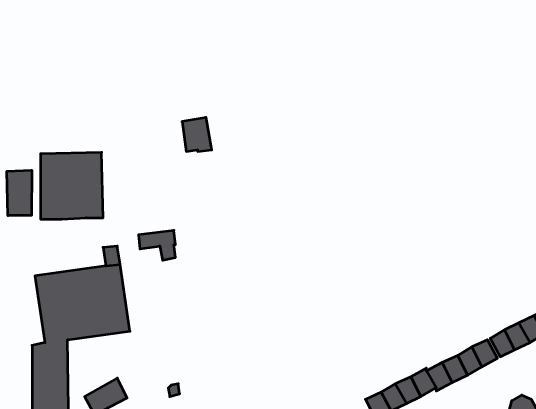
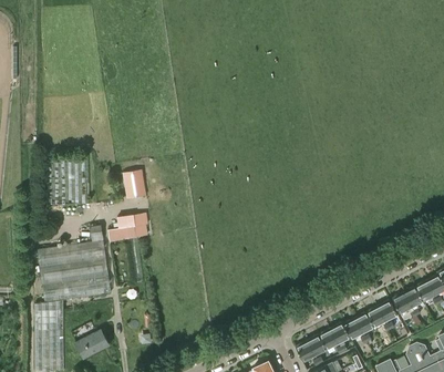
building: [182,117,212,151] -> [123,170,146,197]
building: [7,170,32,216] -> none

